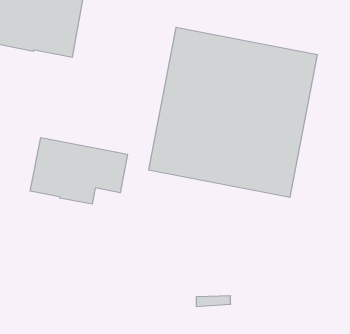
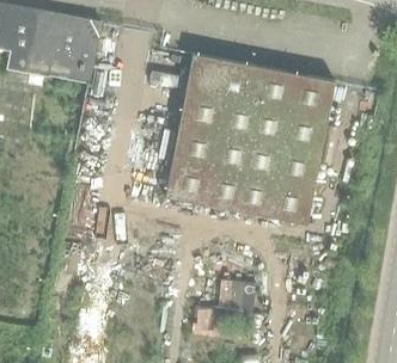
building: [30,138,127,204] -> none

